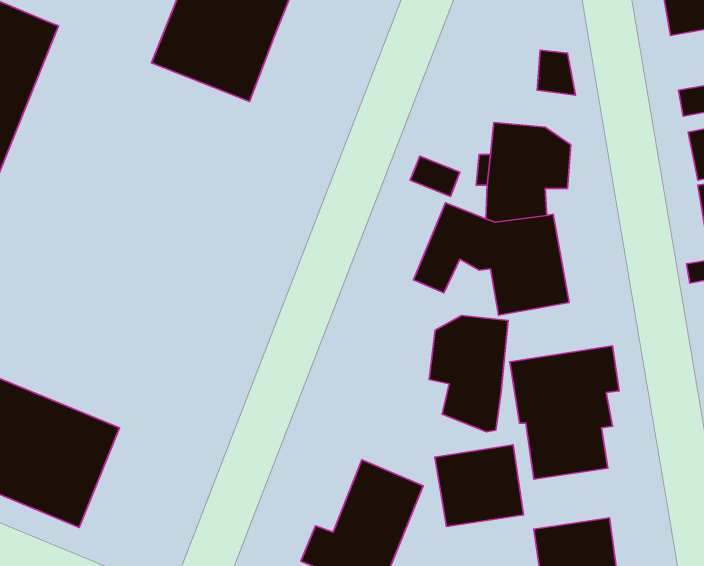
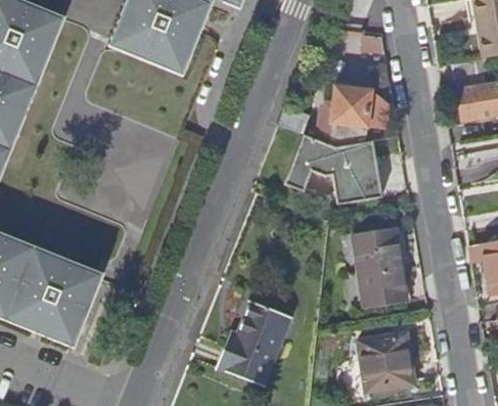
building: [429,315,508,432] -> none
building: [435,445,524,527] -> none

